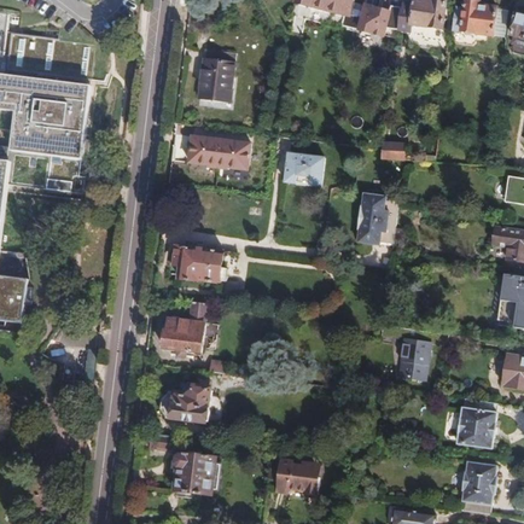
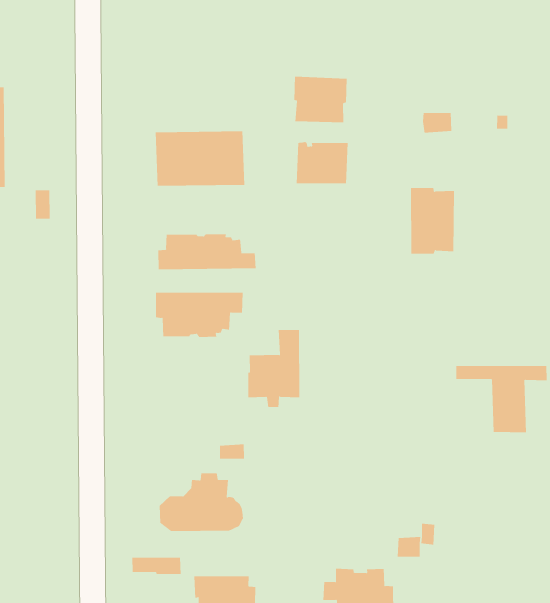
building: [197,47,234,100] -> none
building: none -> [294,76,347,123]
building: none -> [158,233,256,270]
building: [159,301,203,356] -> [247,329,300,407]

